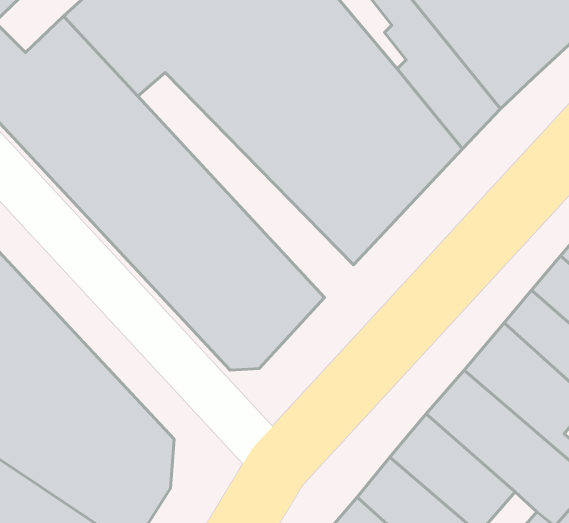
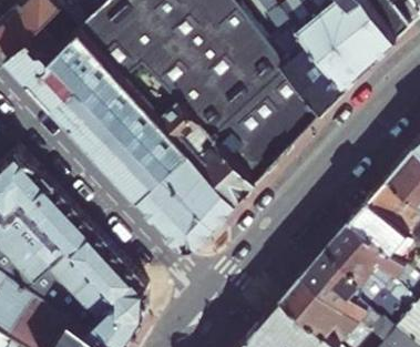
building: none -> [125,64,257,202]

